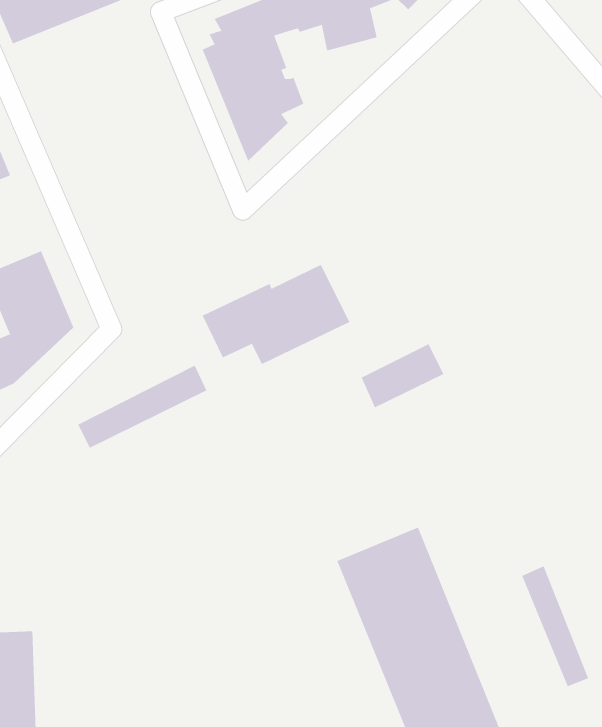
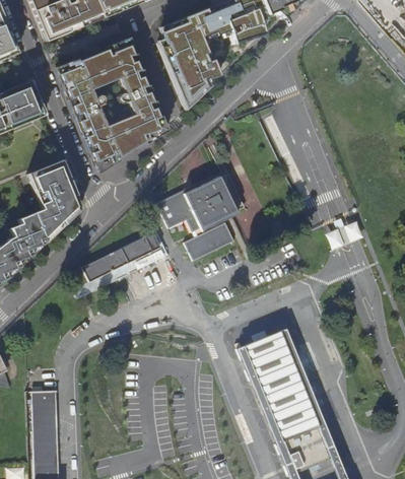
building: none -> [56,40,162,168]
building: [361,344,444,408] -> [187,220,237,259]
building: [522,566,589,687] -> none

